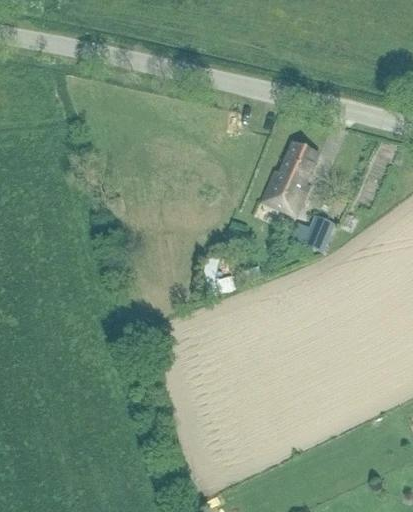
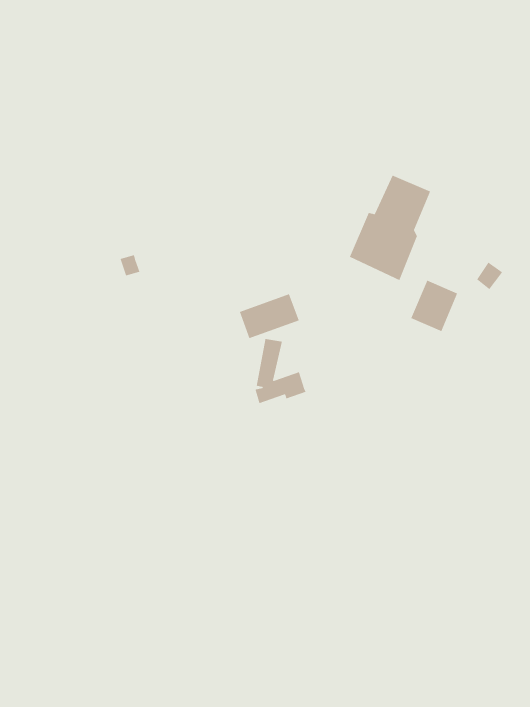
building: none -> [239,293,300,339]

